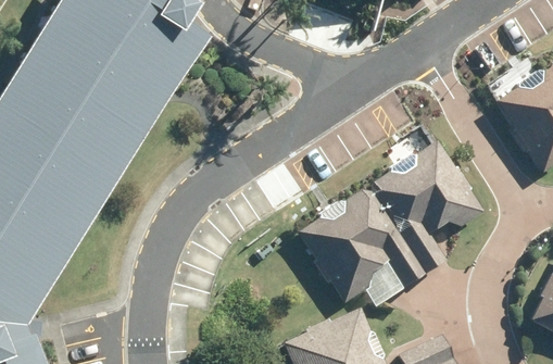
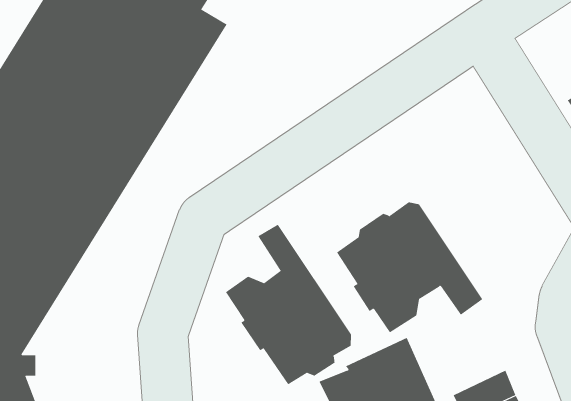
building: [370,142,485,274] -> none
building: none -> [225,224,352,385]

